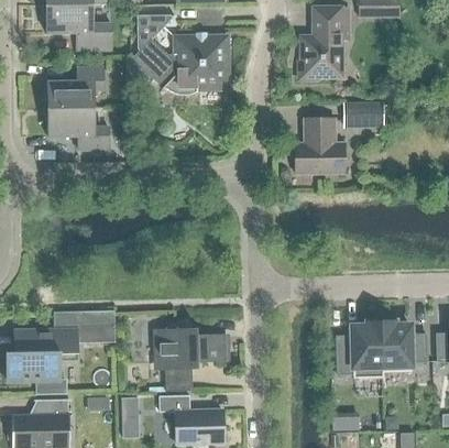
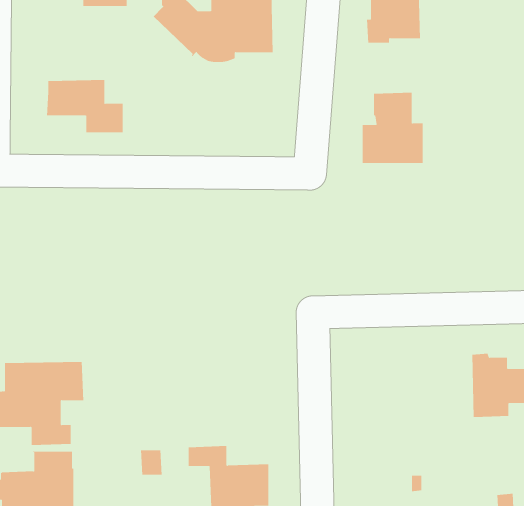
building: [46,66,103,108] -> none
building: [343,101,383,123] -> none
building: [83,309,114,329] -> none
building: [336,323,383,378] -> none
building: [156,327,225,390] -> none

